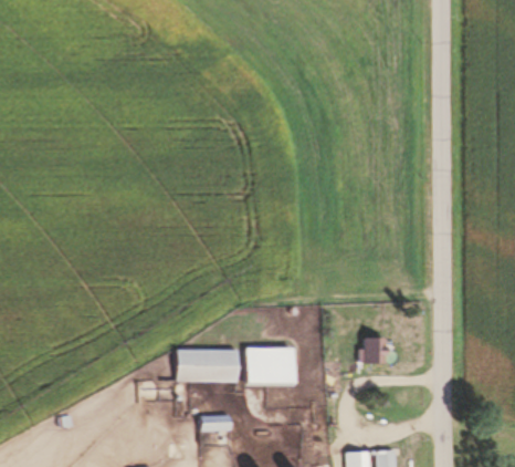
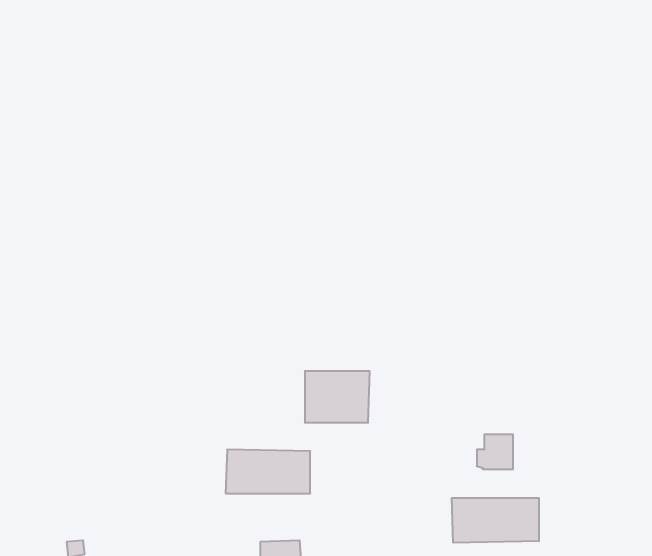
building: [246,347,294,385] -> [305,371,370,423]
building: none -> [452,498,539,543]

